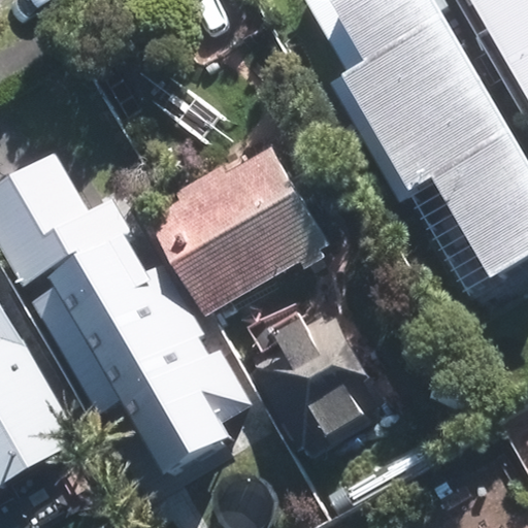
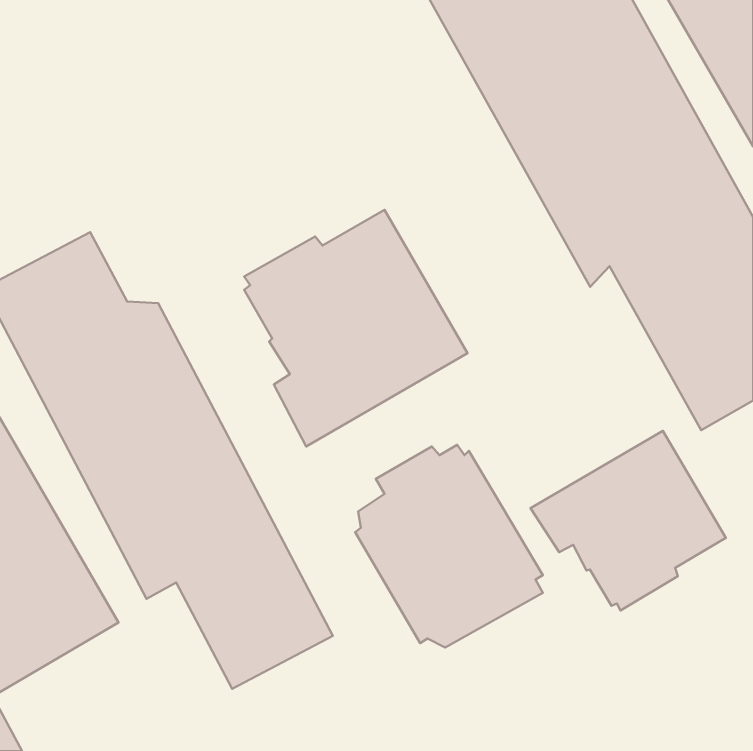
building: none -> [531,431,726,611]

